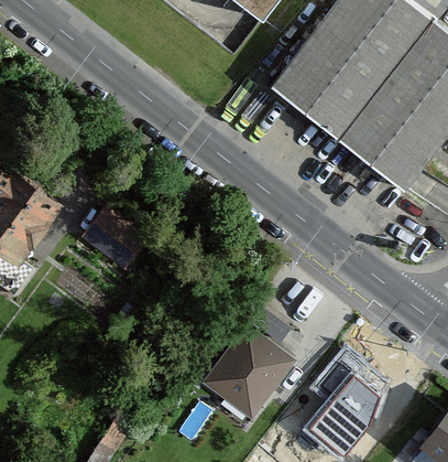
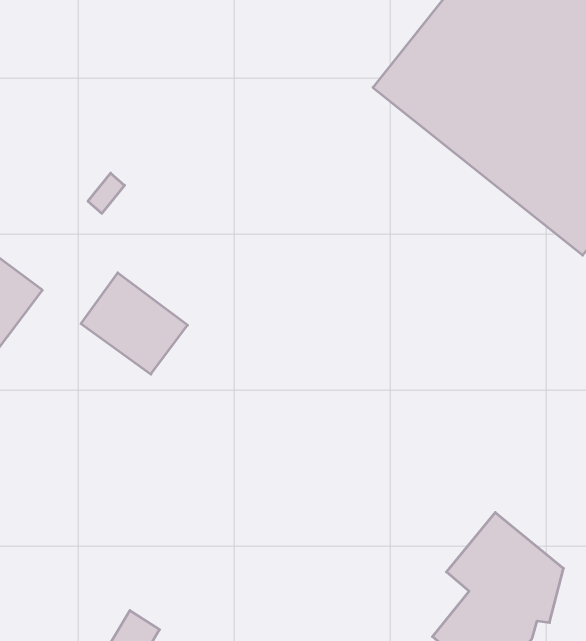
building: [200,326,295,422] -> none

